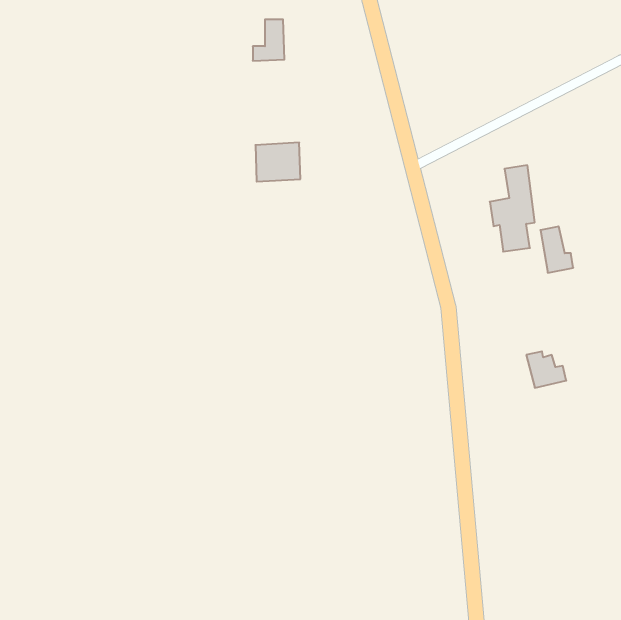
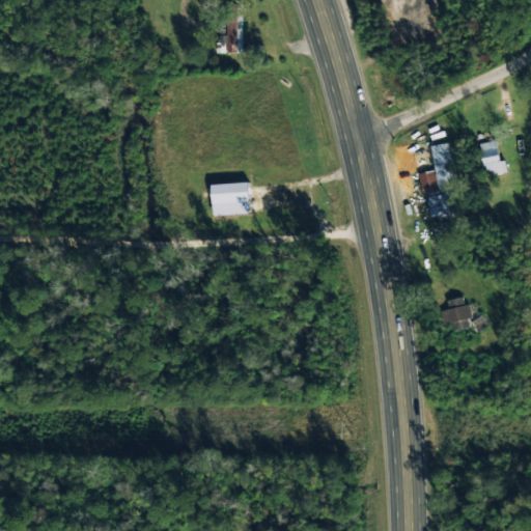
building: [255,143,300,182] -> [212,181,250,215]
building: [540,226,573,273] -> [479,137,507,176]

